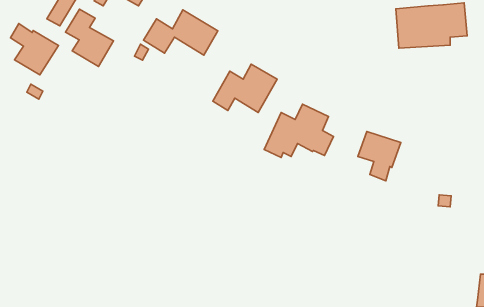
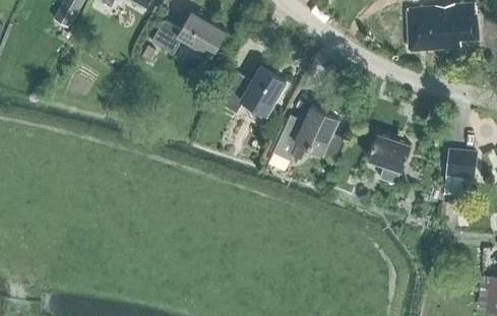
building: [66,9,114,66] -> none
building: [11,24,59,75] -> none
building: none -> [443,148,477,195]

